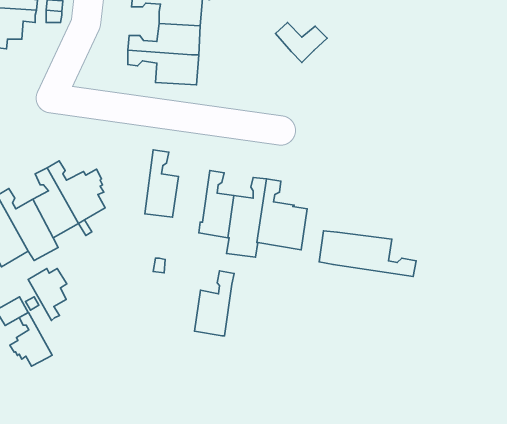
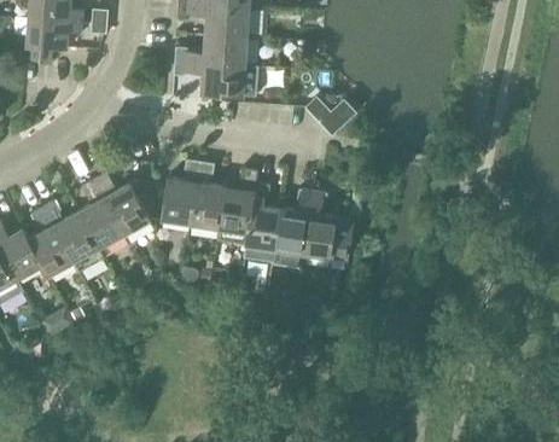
building: [275,23,327,62] -> [305,97,357,136]
building: none -> [161,158,199,225]
building: [319,231,416,277] -> none
building: [28,268,67,321] -> none
building: [194,271,234,336] -> [219,168,258,233]
building: [10,313,52,366] -> none

